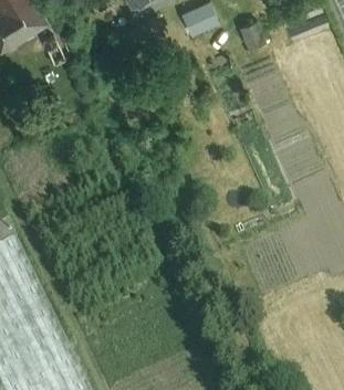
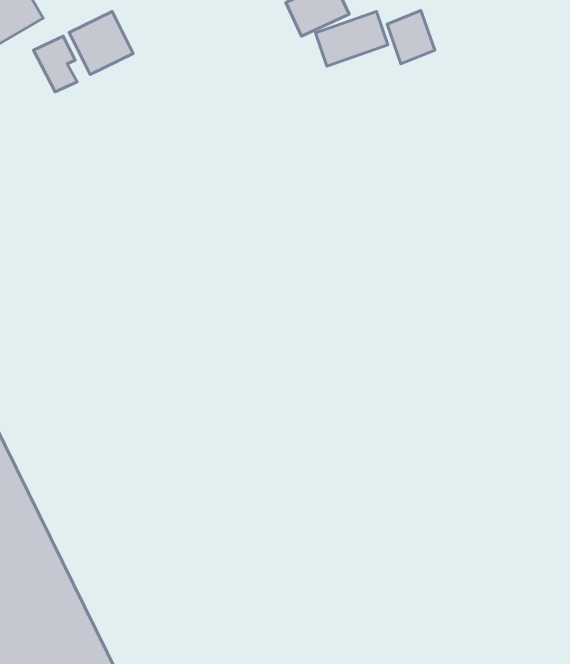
building: none -> [316,12,388,66]
building: none -> [69,12,133,75]

